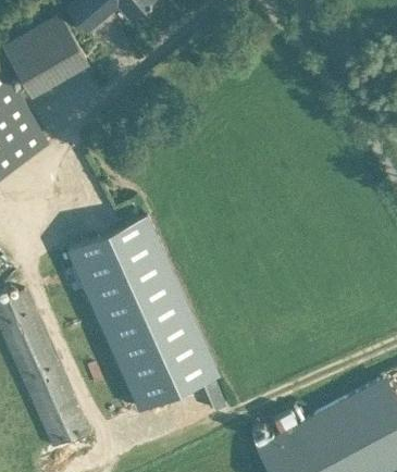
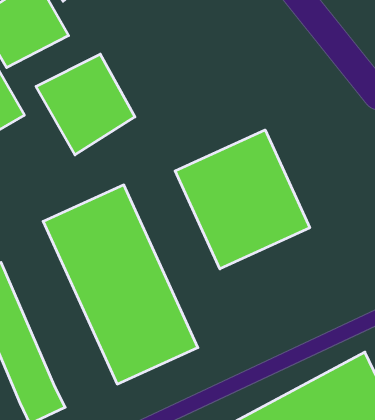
building: none -> [36,54,135,155]
building: none -> [175,130,310,269]

